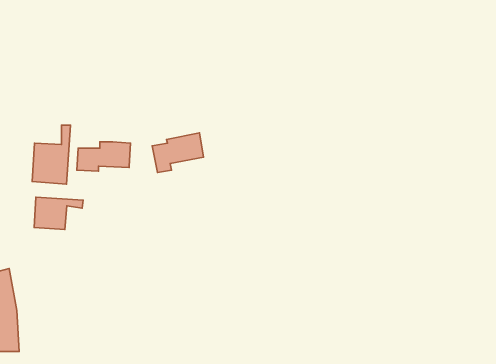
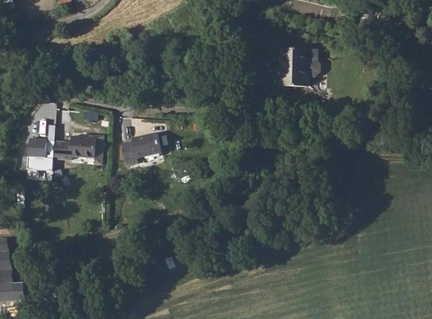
building: none -> [274,46,319,92]
building: [34,197,83,229] -> none

